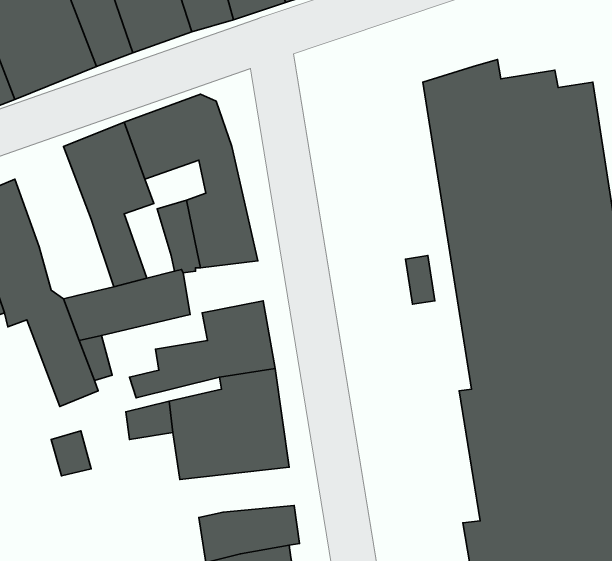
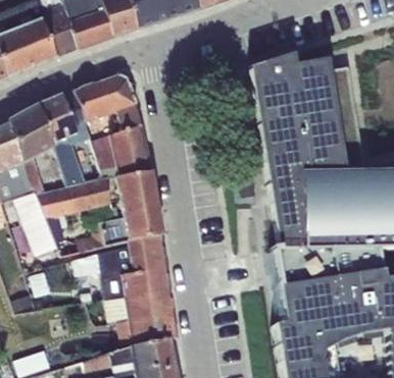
building: none -> [9,103,55,193]
building: none -> [116,170,156,201]
building: none -> [107,291,175,322]

